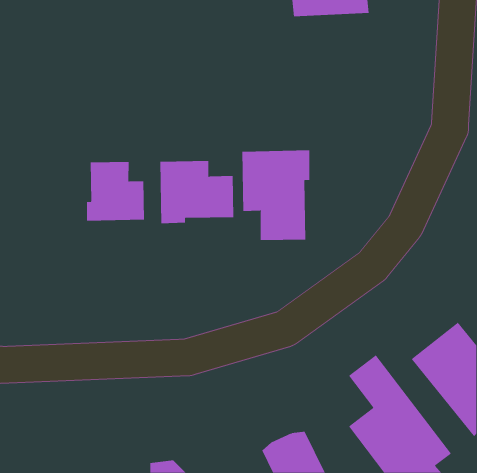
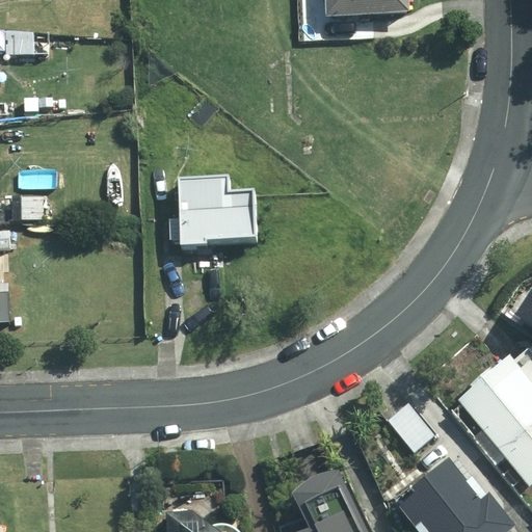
building: [242,150,310,241] -> none
building: [86,161,144,222] -> none

